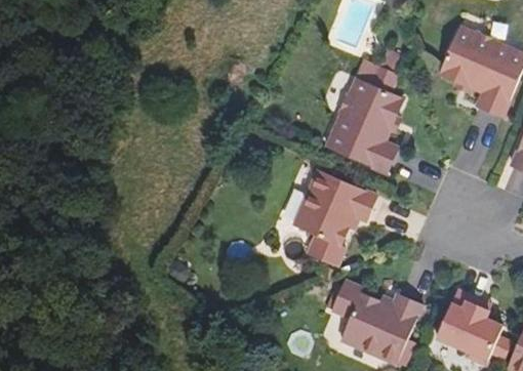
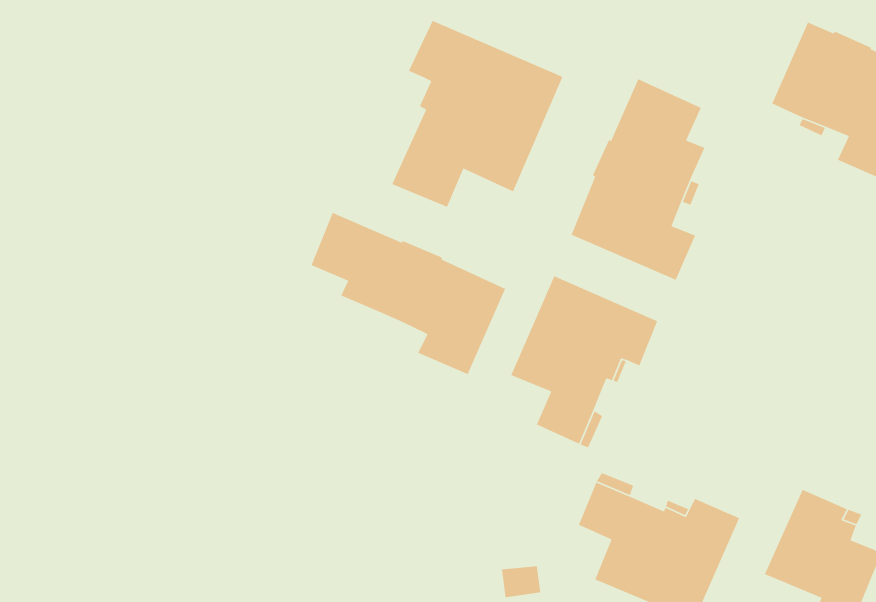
building: none -> [391,20,564,208]
building: none -> [310,212,506,375]

